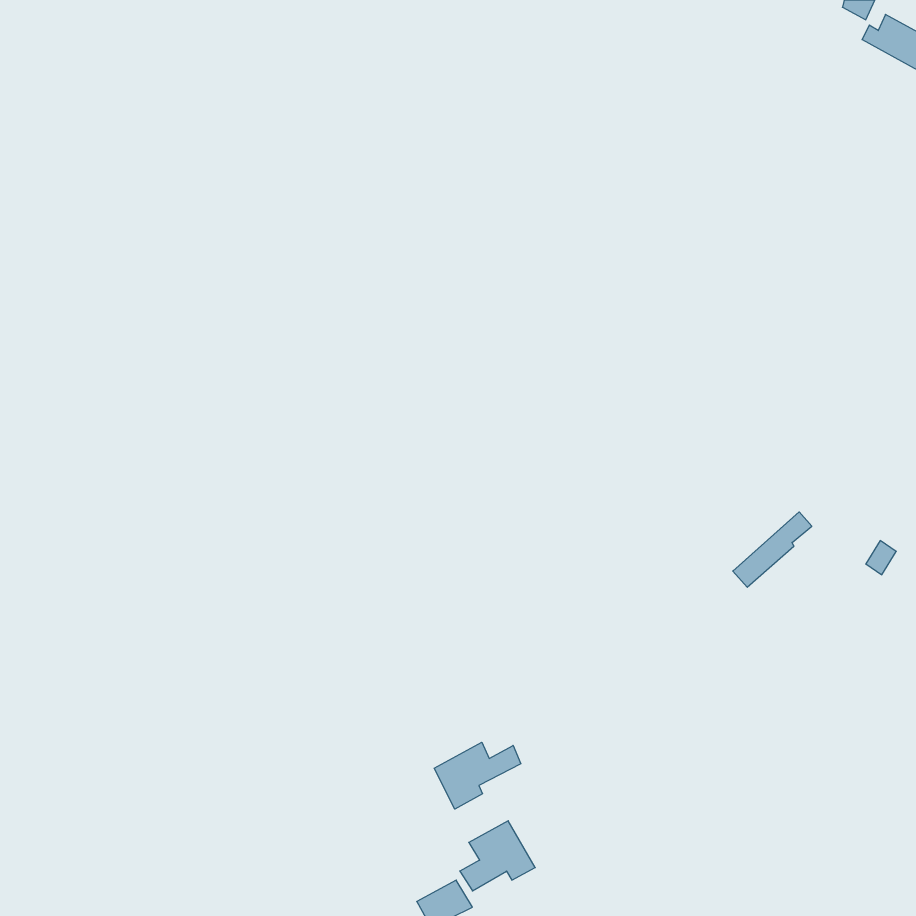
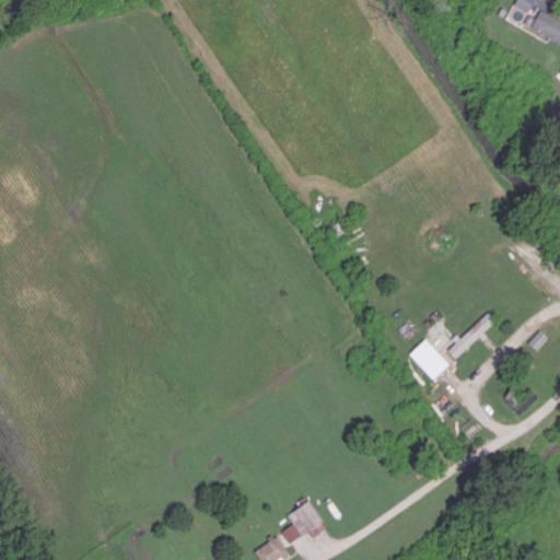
building: none -> [409,339,450,380]
building: [434,742,521,809] -> none

